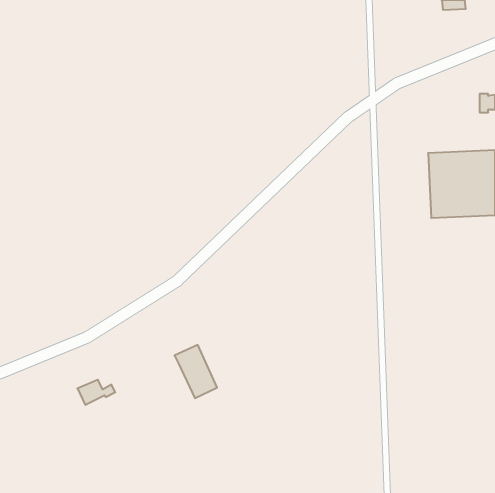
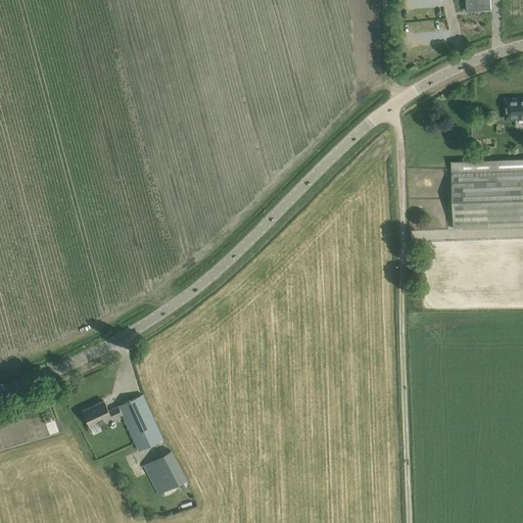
building: [174,345,217,398] -> [117,396,162,453]
building: none -> [142,453,186,496]

